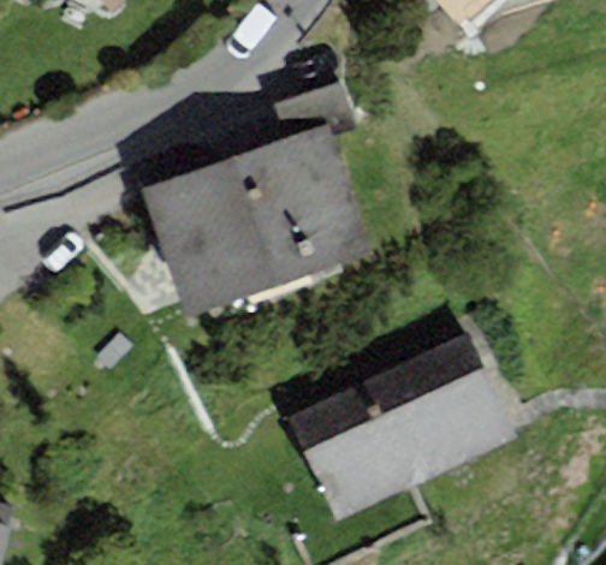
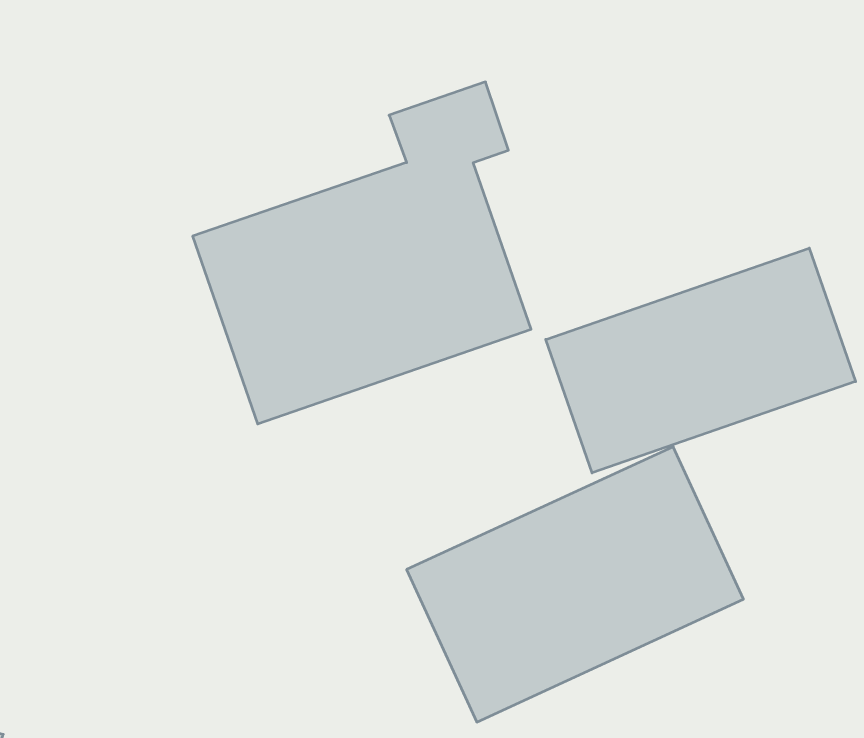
building: none -> [546,248,856,473]

